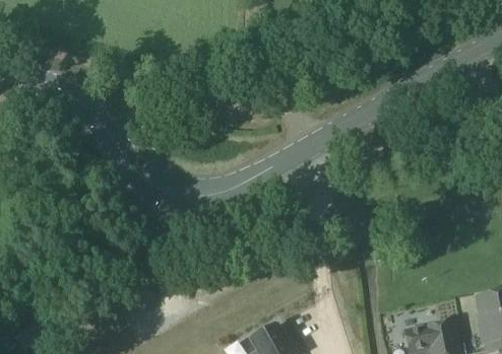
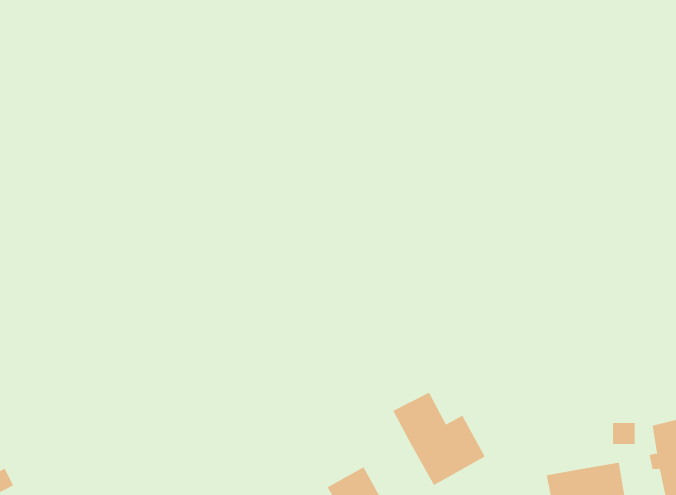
building: none -> [392,392,486,486]

